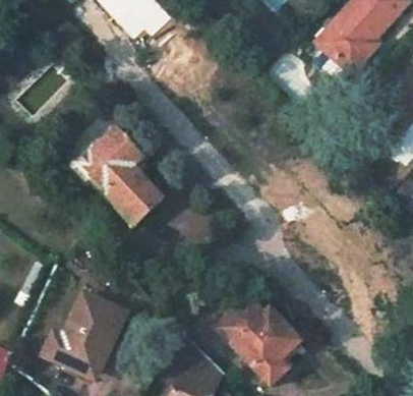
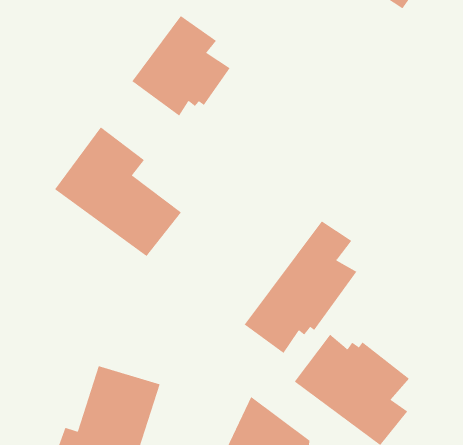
building: none -> [131,15,230,117]
building: none -> [244,221,357,354]

